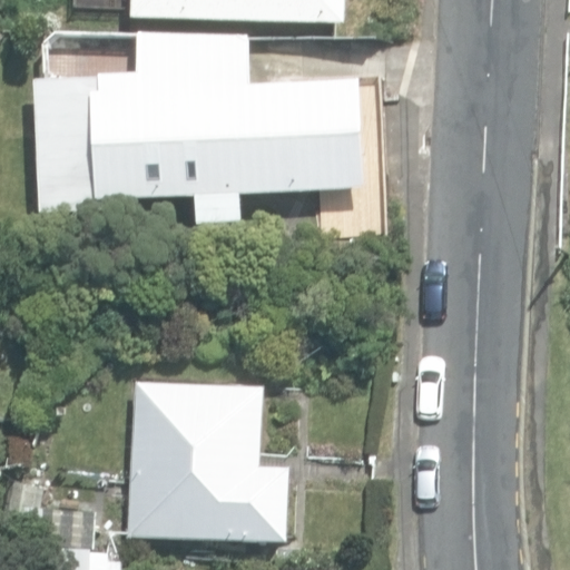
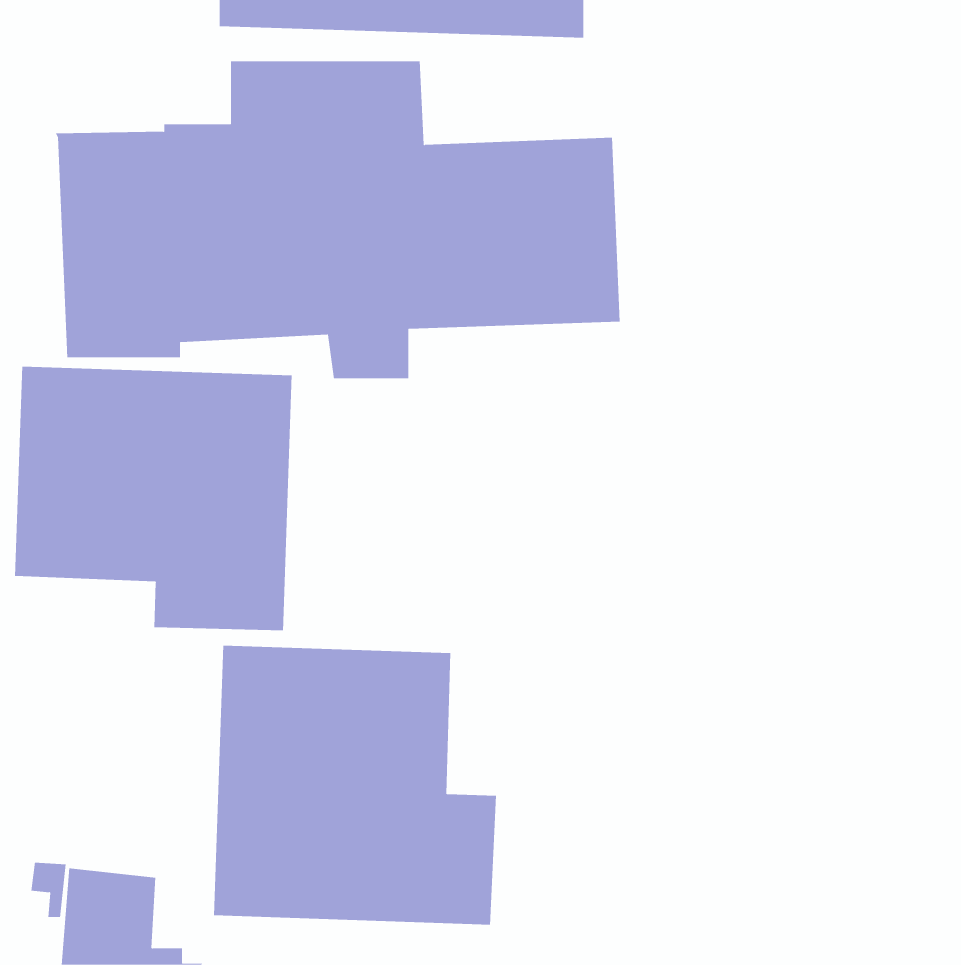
building: none -> [14,366,292,631]

